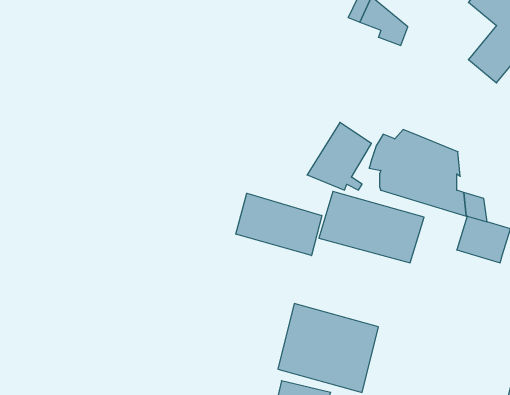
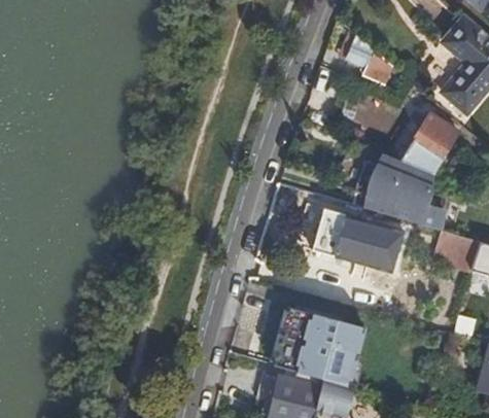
building: [307,122,371,190] -> [401,114,458,174]
building: [236,193,322,256] -> none

